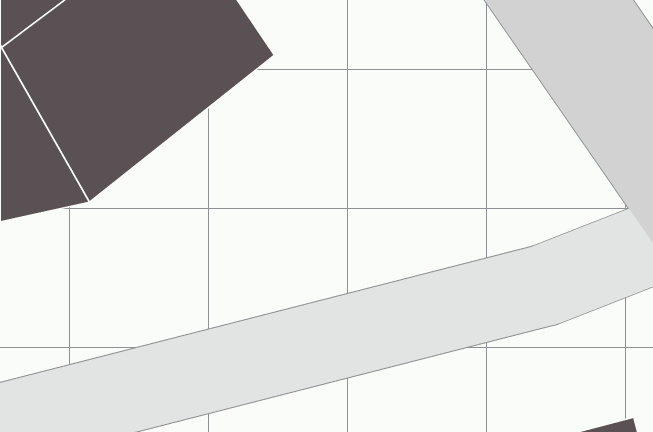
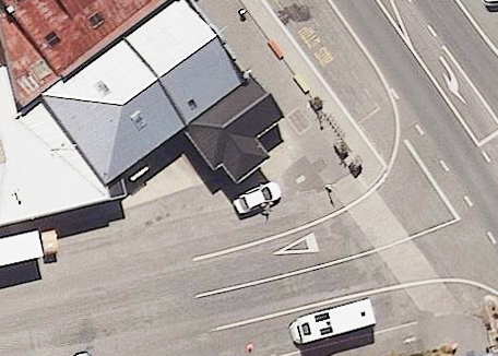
building: none -> [82,69,242,175]

